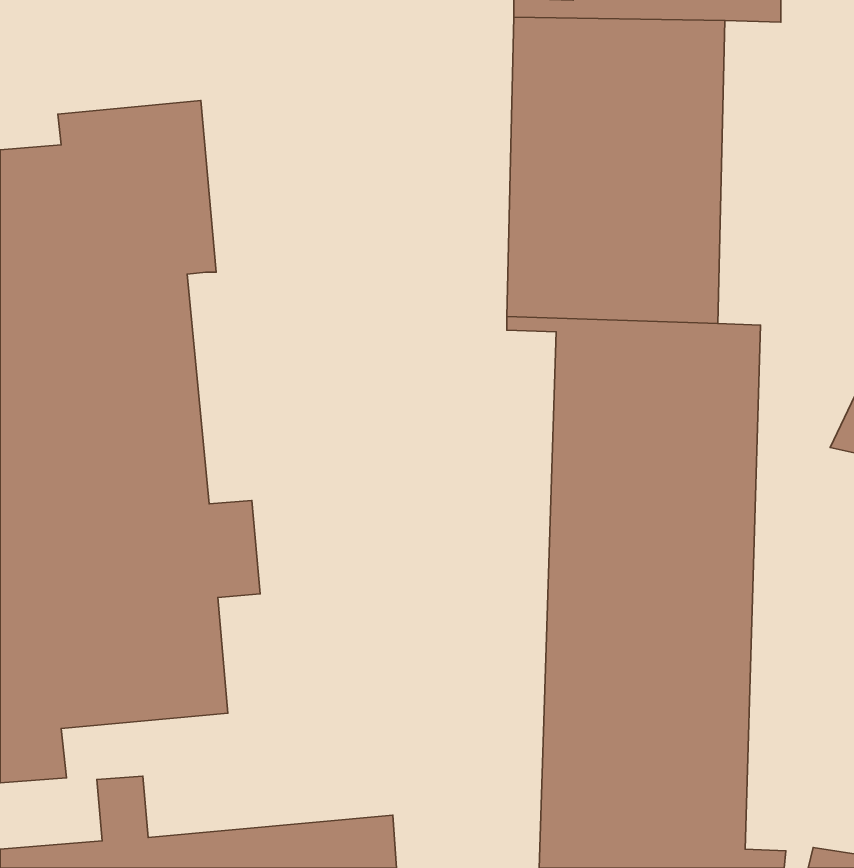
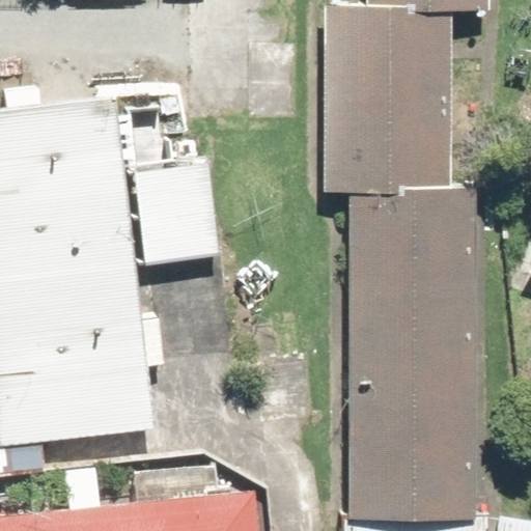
building: none -> [135,160,218,267]

